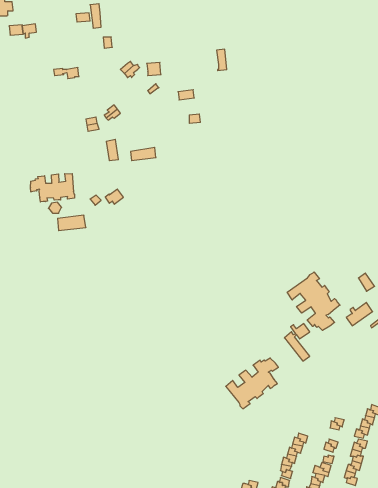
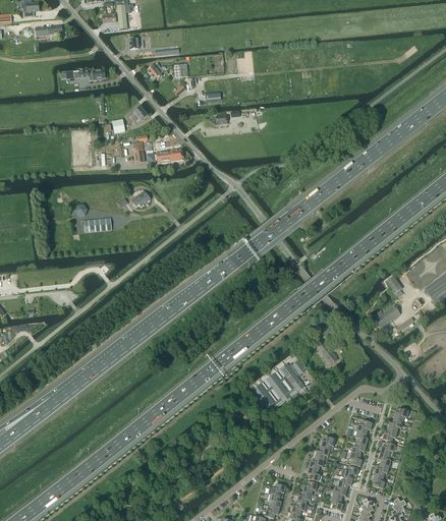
building: [31,174,75,202] -> none
building: [287,272,340,330] -> none

